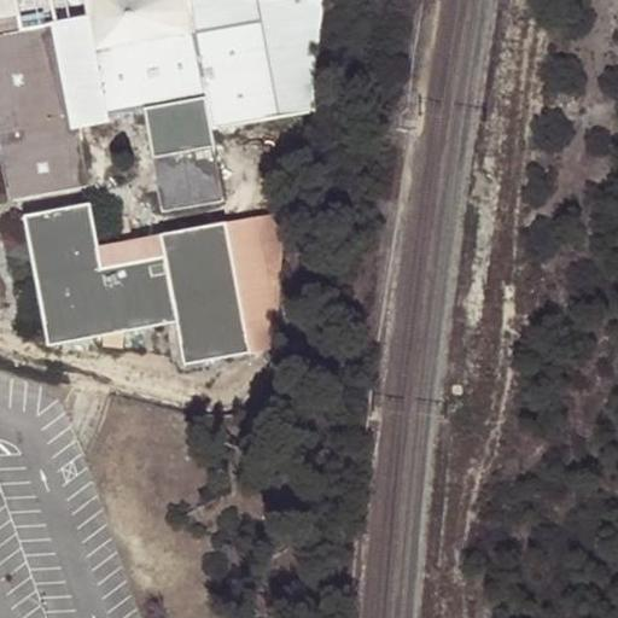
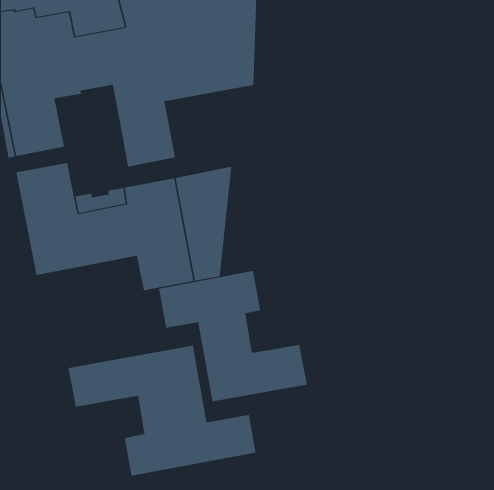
building: none -> [158,270,307,402]
building: none -> [68,345,256,477]

